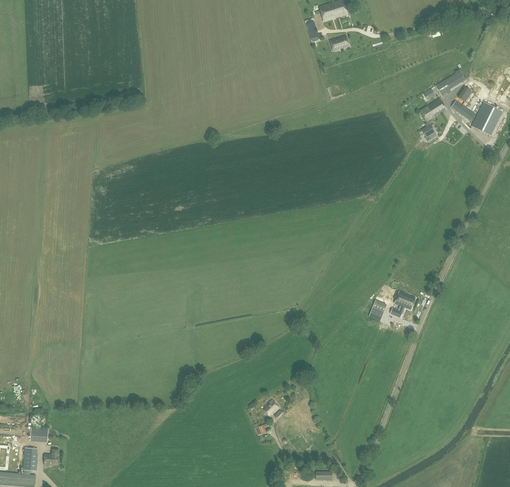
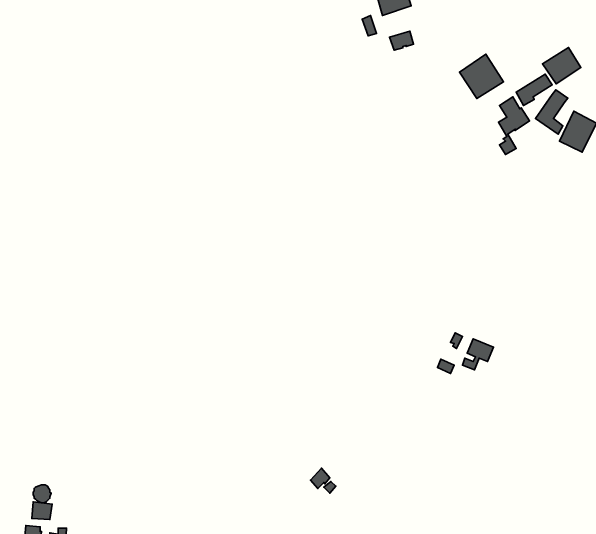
building: none -> [543,48,581,84]
building: none -> [460,54,503,99]

